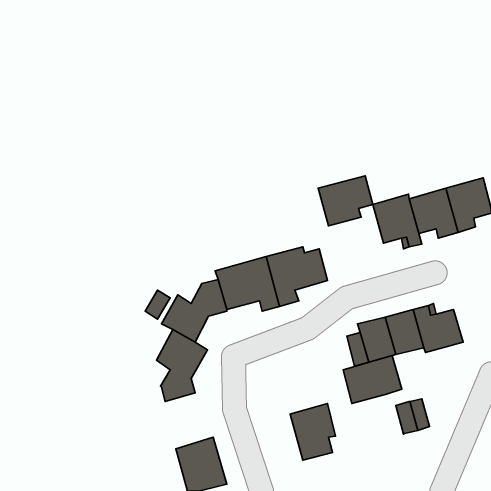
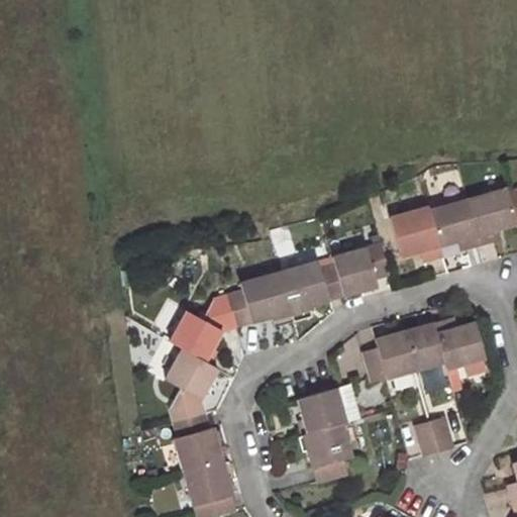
building: [318,176,373,226] -> [333,242,391,295]
building: [343,356,402,404] -> [299,384,360,434]
building: none -> [174,413,224,472]

